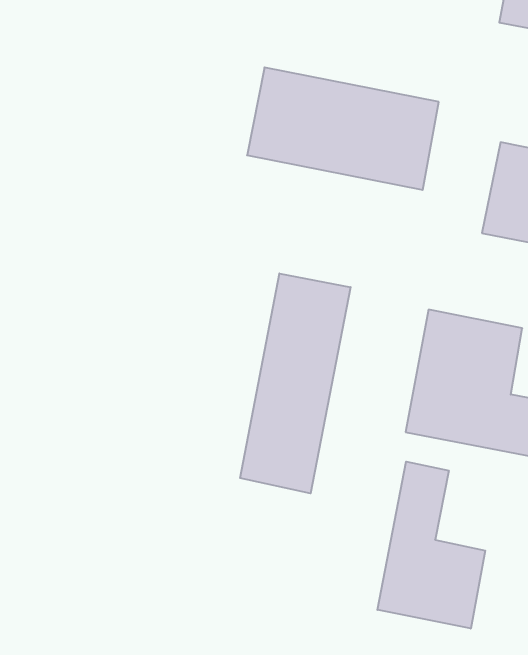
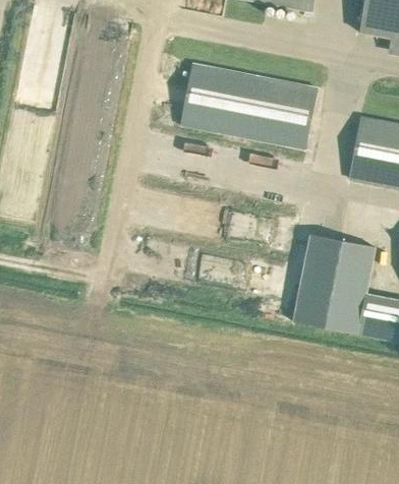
building: [240,273,351,493] -> none
building: [377,462,485,629] -> none

